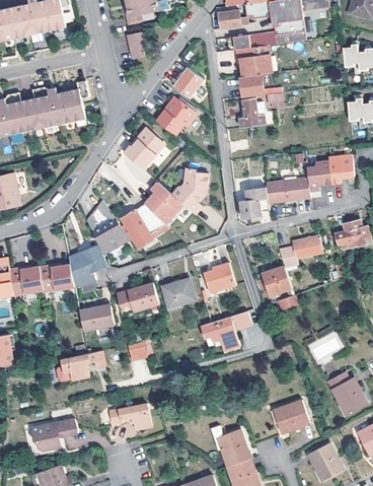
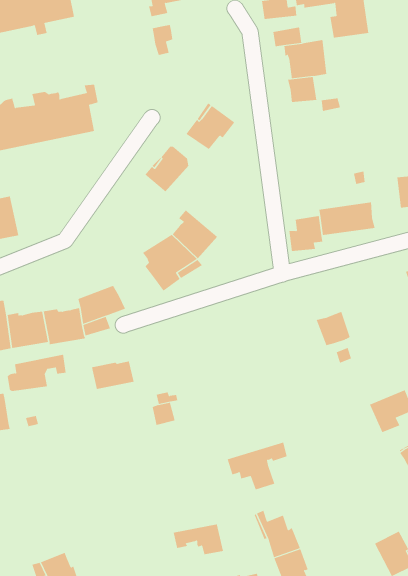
building: [173,66,206,97] -> none
building: [239,97,265,127] -> none
building: [307,156,331,190] -> none
building: [170,168,207,215] -> none
building: [85,200,130,254] -> none
building: [279,234,322,266] -> none
building: [204,263,236,293] -> none
building: [164,279,196,307] -> none
building: [117,282,159,314] -> none
building: [202,309,251,349] -> [227,442,288,490]
building: [56,349,104,379] -> [7,354,66,392]
building: [276,401,313,430] -> none
building: [109,402,151,427] -> [173,524,224,555]
building: [29,416,77,445] -> none

